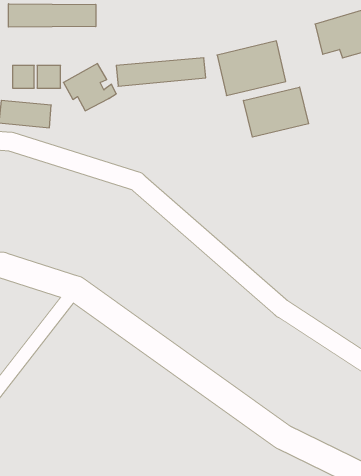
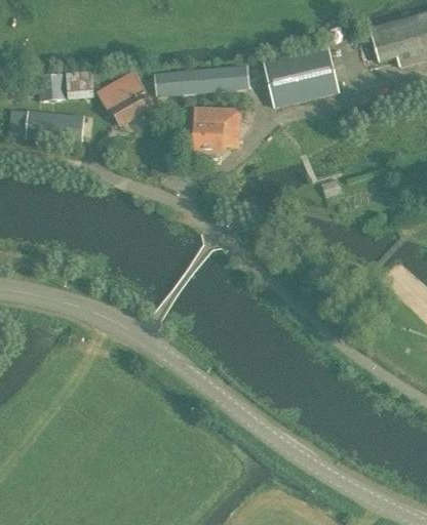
building: [9,4,96,27] -> none
building: [243,87,309,137] -> none
building: none -> [193,108,240,153]

